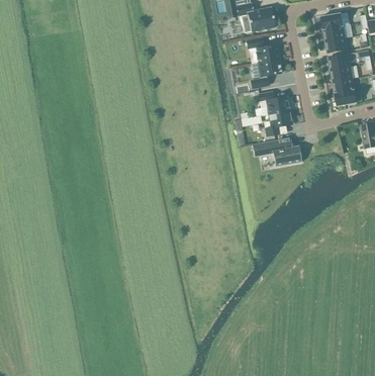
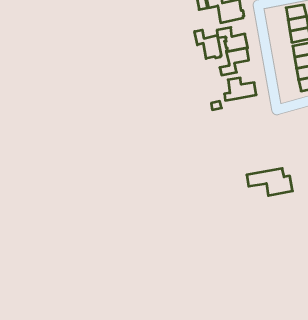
building: none -> [195,30,221,59]
building: [263,109,291,135] -> none
building: [251,136,300,166] -> [247,168,293,196]

